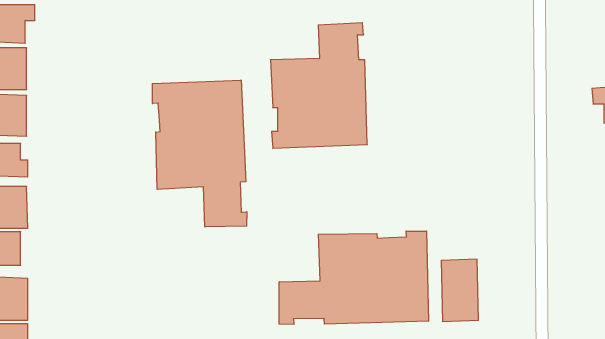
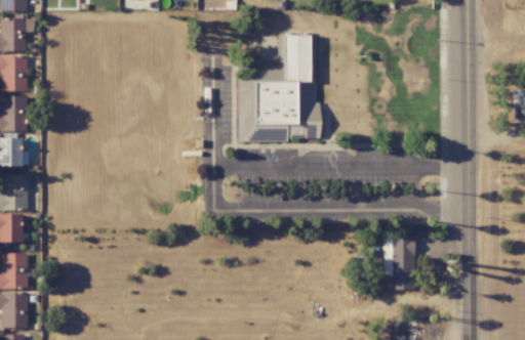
building: [152,80,247,227] -> none
building: [279,231,428,324] -> none

